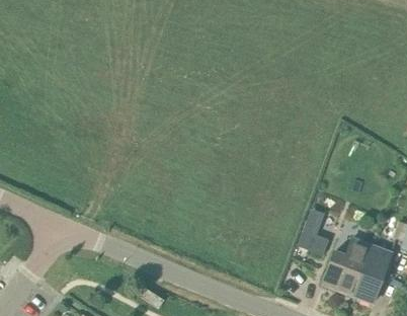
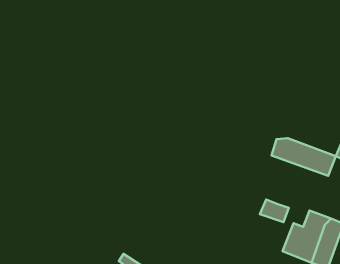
building: none -> [272,138,336,176]

